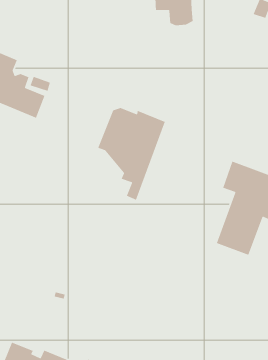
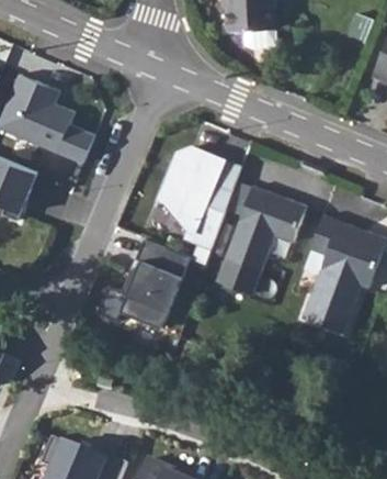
building: none -> [219,187,306,294]
building: none -> [118,239,190,328]

